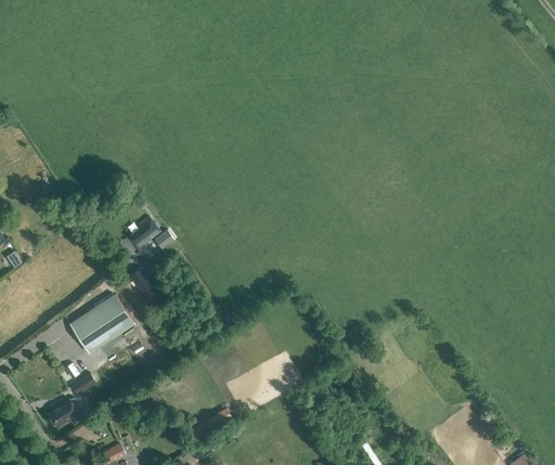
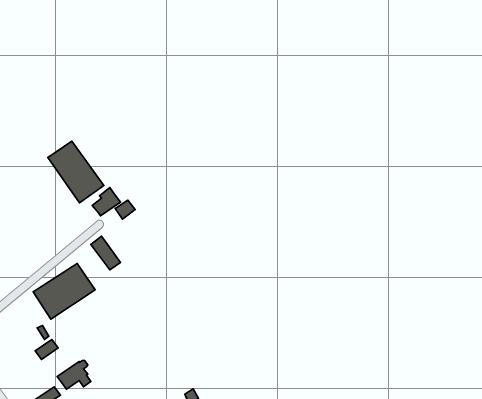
building: none -> [48,141,104,203]
building: [47,398,81,427] -> [57,361,91,389]

